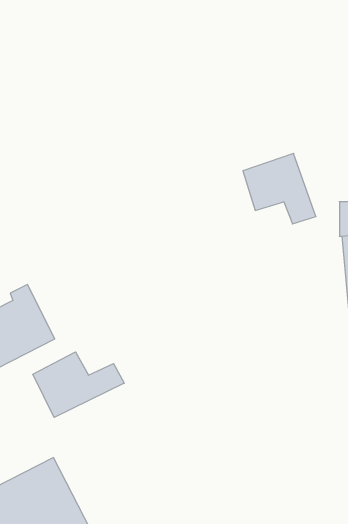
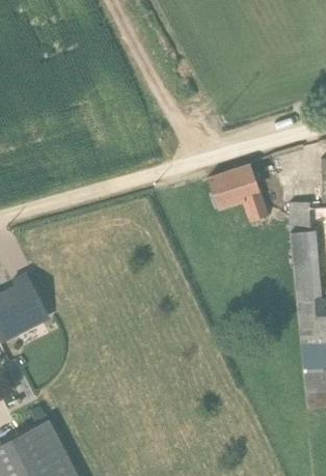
building: [33,352,124,417] -> none

